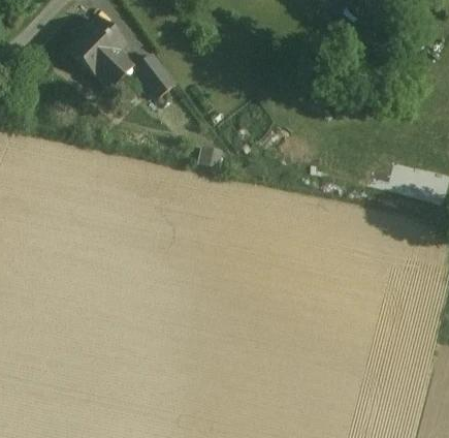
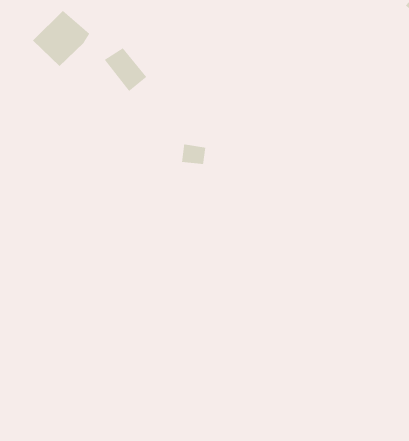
building: [95,52,130,89] -> none

